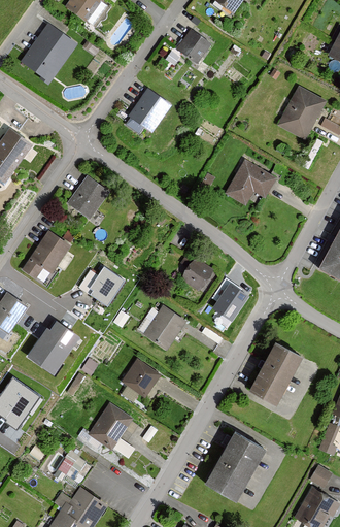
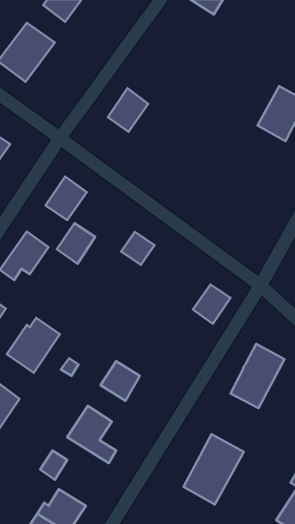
building: [177,30,211,64] -> none
building: [227,160,276,205] -> none
building: [180,258,213,291] -> [121,232,154,265]
building: [88,267,126,307] -> [57,223,95,264]
building: [143,306,186,351] -> none

